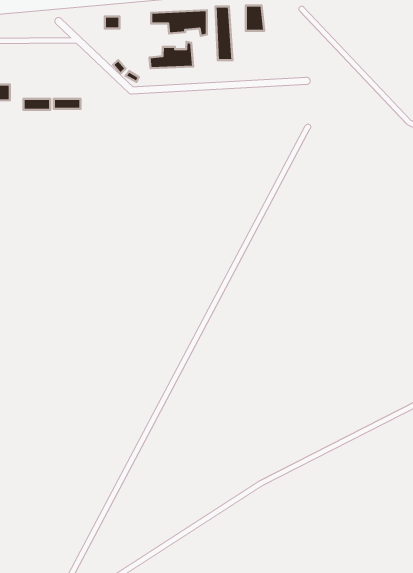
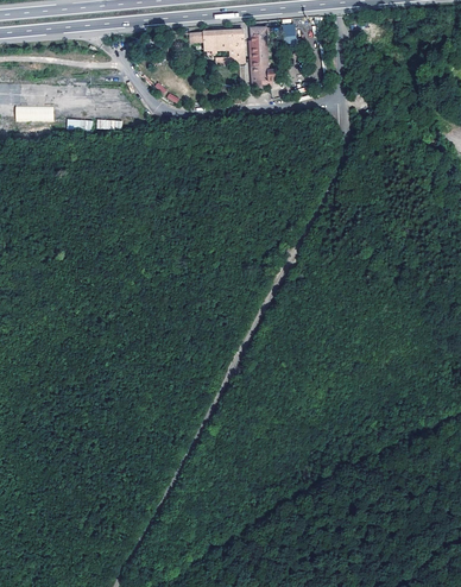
building: [150,42,193,68] -> none

